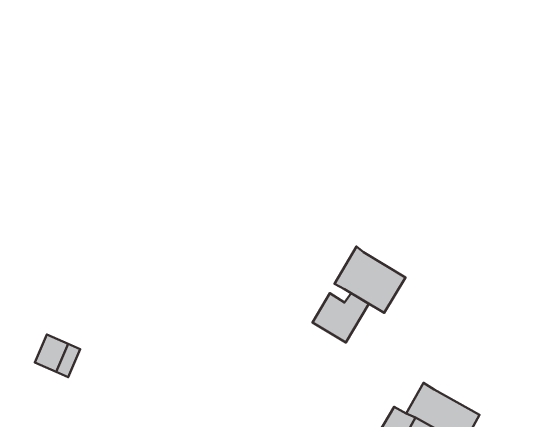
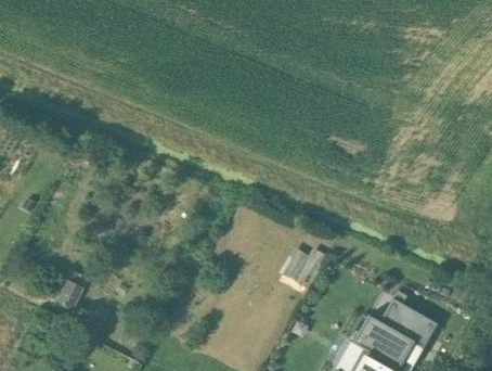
building: [334,247,405,313] -> none
building: none -> [379,299,438,348]

